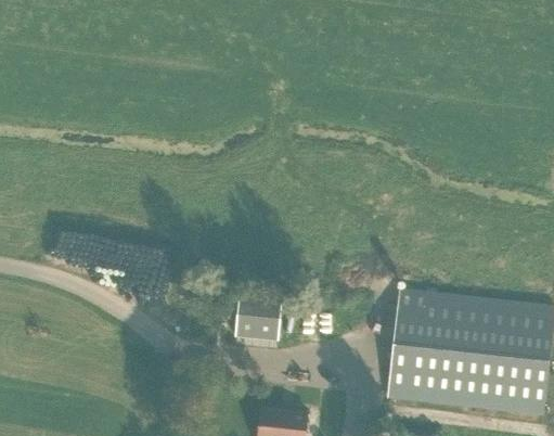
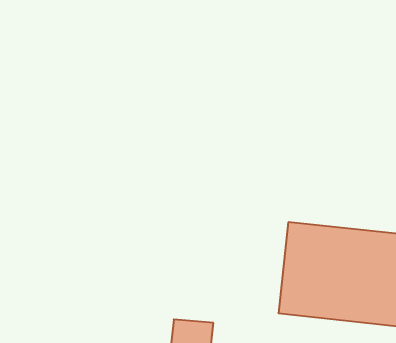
building: [234,291,282,342] -> none

